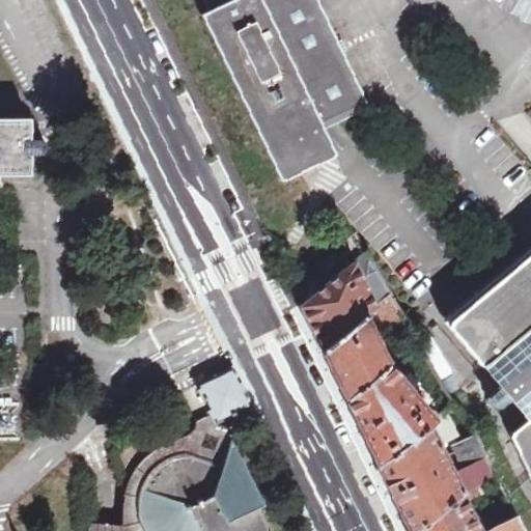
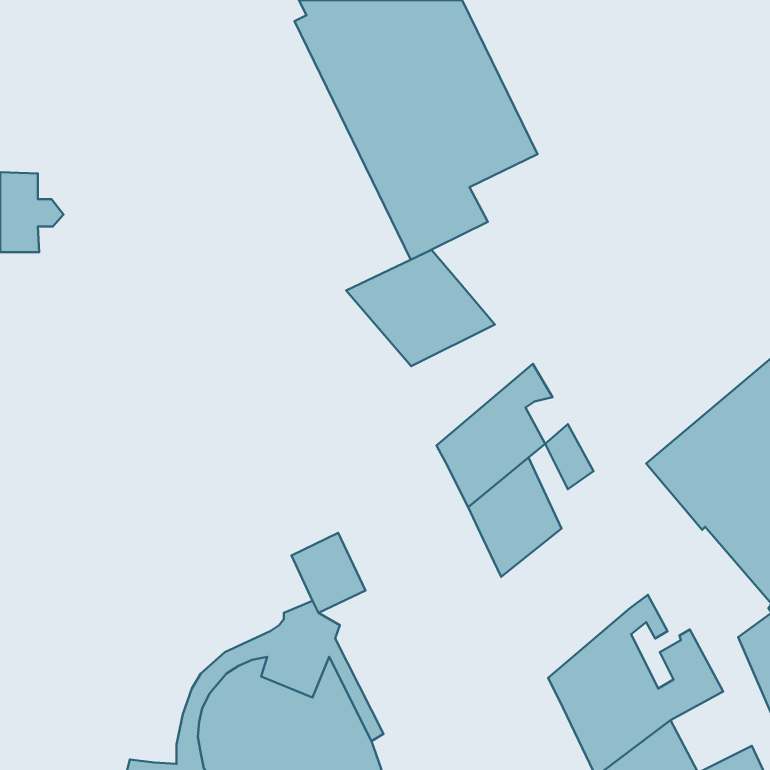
building: none -> [346,250,495,366]
building: [345,364,434,467] -> none

